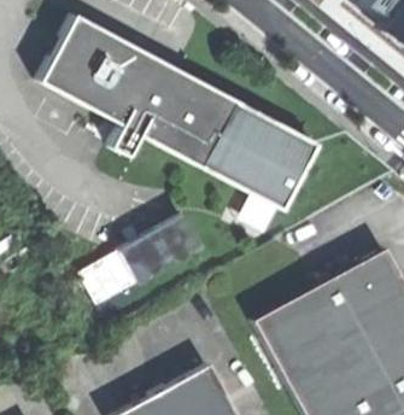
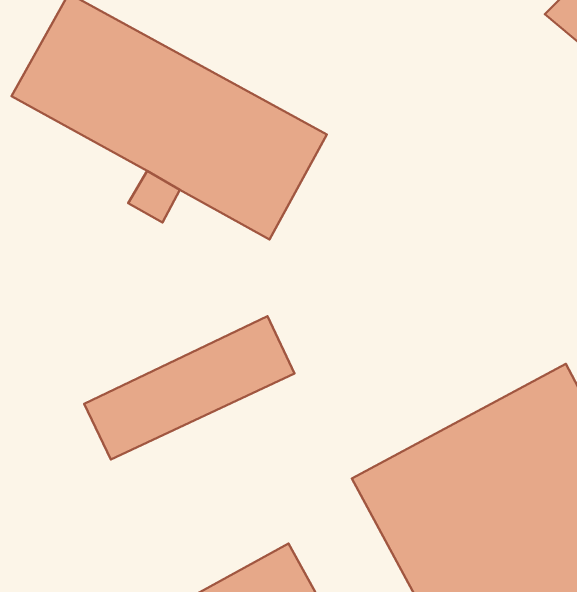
building: [198,100,315,210] -> none

